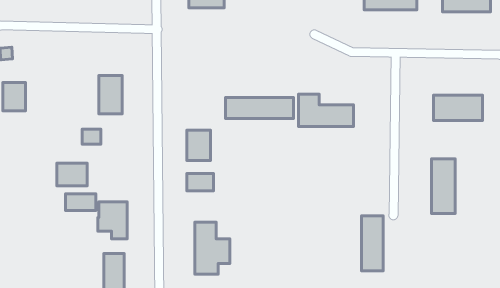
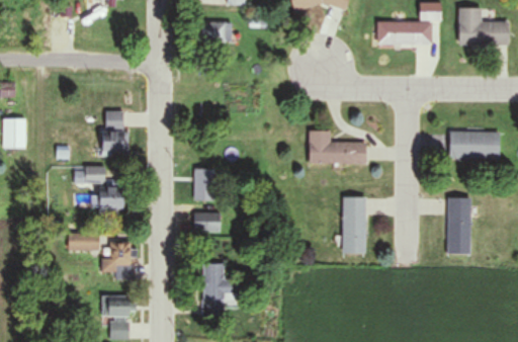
building: [226,98,294,118] -> none
building: [57,163,87,186] -> [97,186,128,209]
building: [362,216,383,271] -> [343,196,365,253]

